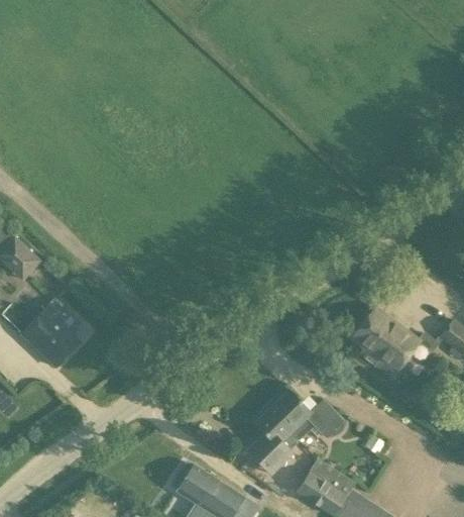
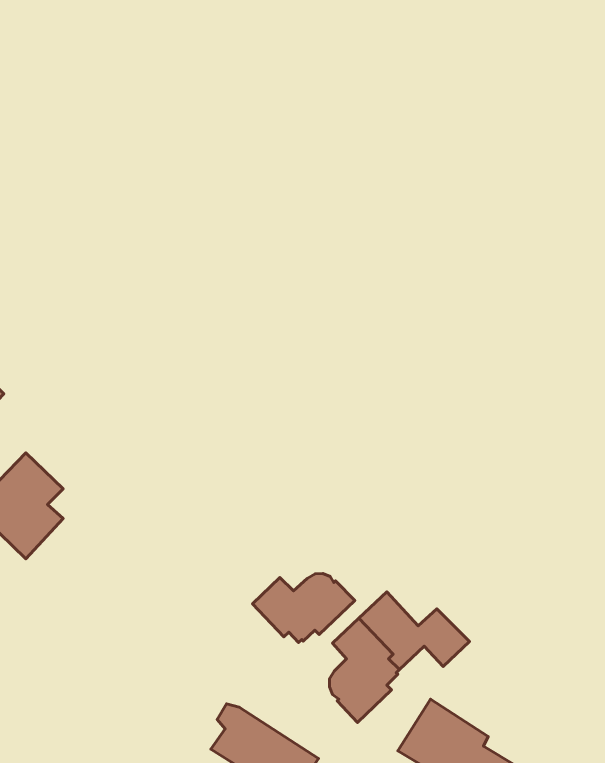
building: [352,308,420,374] -> none
building: none -> [252,574,355,643]

